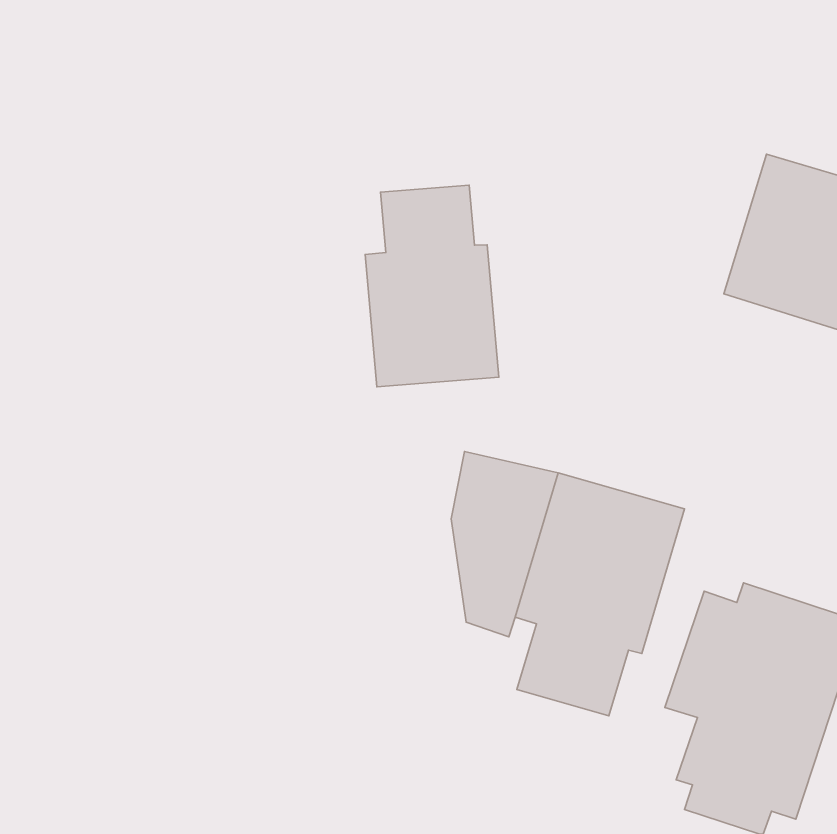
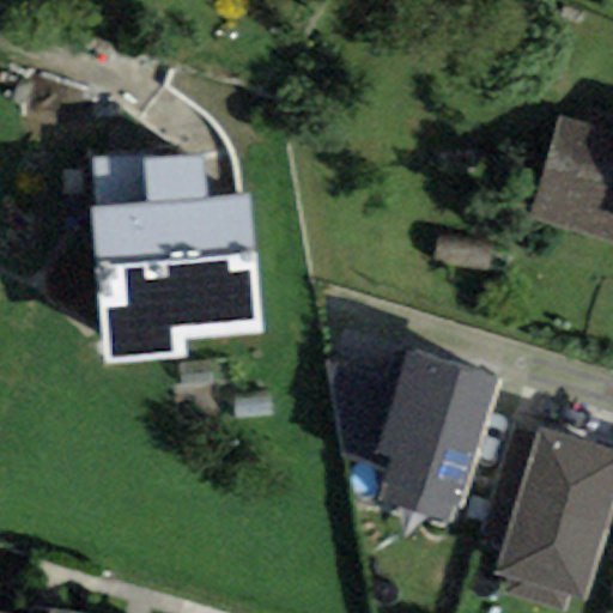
building: [365,185,499,387] -> none
building: none -> [90,153,263,364]

